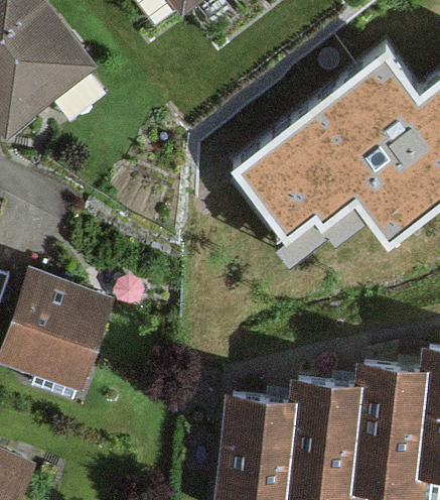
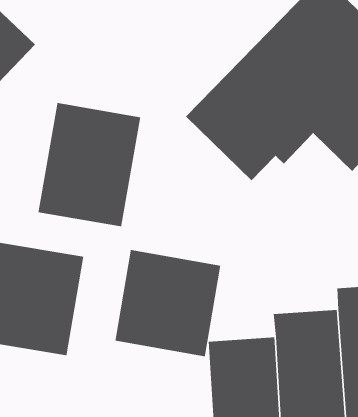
building: none -> [38,102,141,227]
building: none -> [115,249,221,357]

